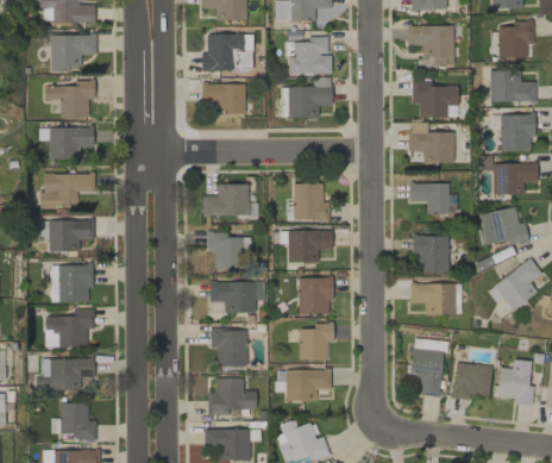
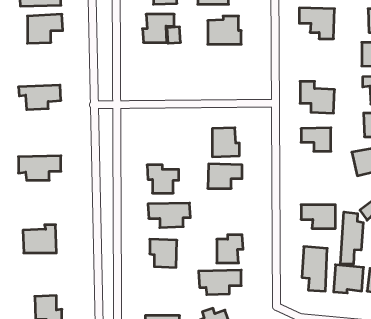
building: [288,76,332,118] -> none
building: [46,80,95,118] -> none
building: [412,80,458,117] -> none
building: [202,83,245,113] -> none
building: [42,173,95,207] -> none
building: [202,183,259,217] -> none
building: [413,234,450,273] -> none
building: [58,264,94,301] -> none
building: [299,277,332,314] -> none
building: none -> [341,212,363,264]
building: [39,357,95,389] -> none
building: [208,377,257,414] -> none

